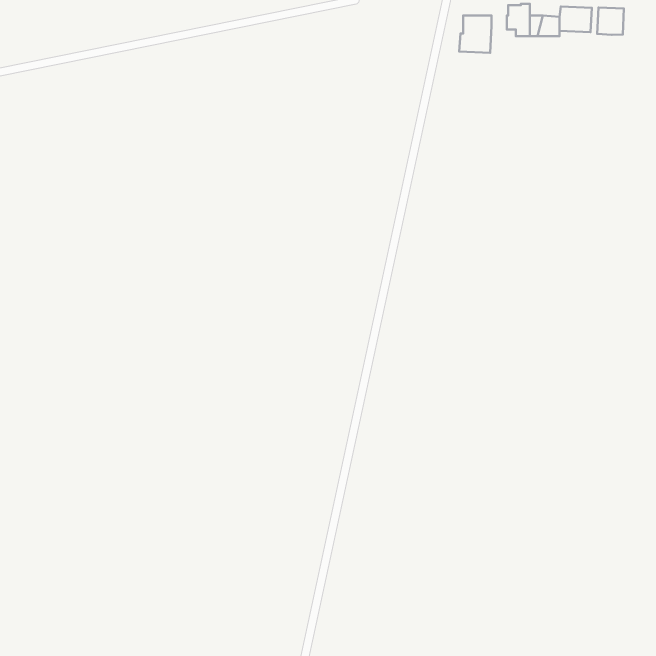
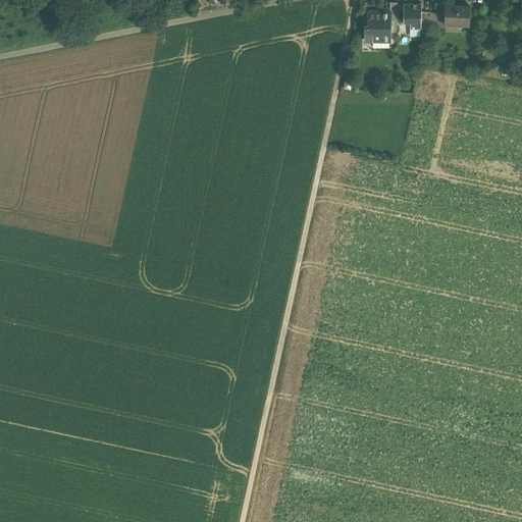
building: [597,8,624,35] -> none

